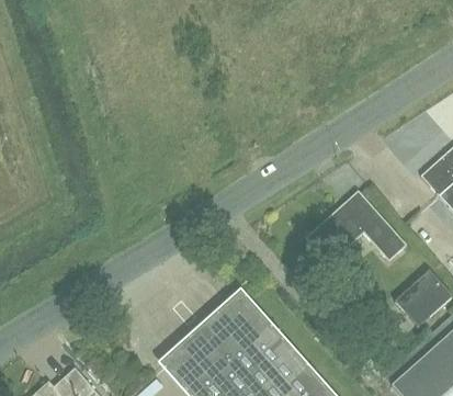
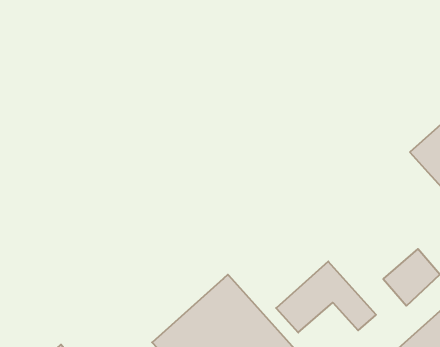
building: [307,190,406,260] -> [276,261,376,333]

